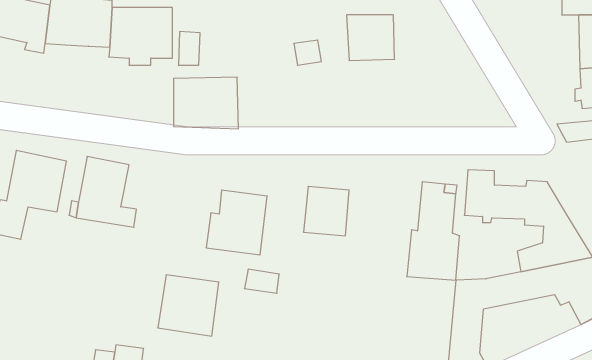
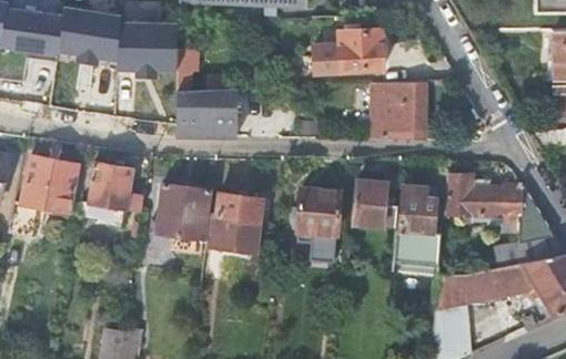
building: none -> [371,86,423,139]
building: none -> [355,180,400,226]
building: [158,275,219,336] -> [156,183,213,239]

